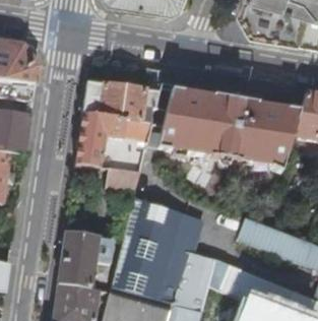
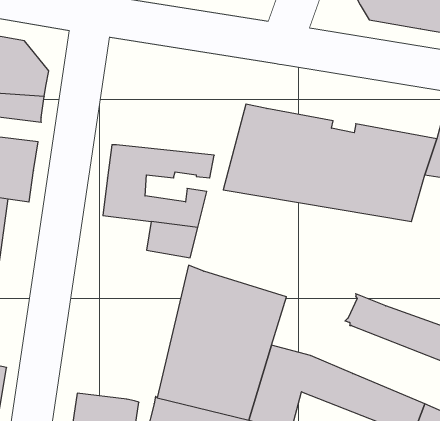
building: [83,82,157,123] -> none
building: [57,233,114,287] -> none

